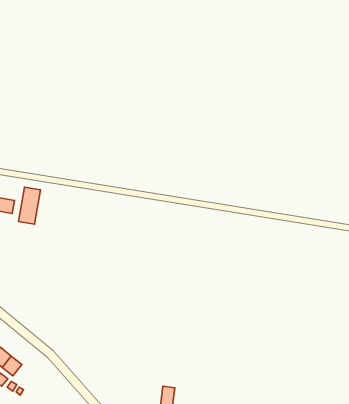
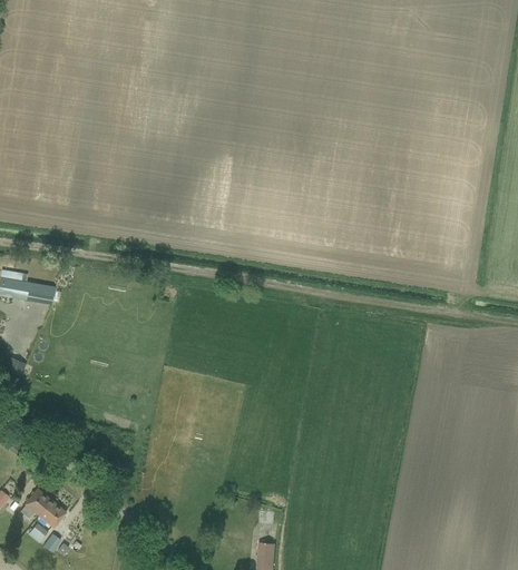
building: [18,187,41,224] -> none

